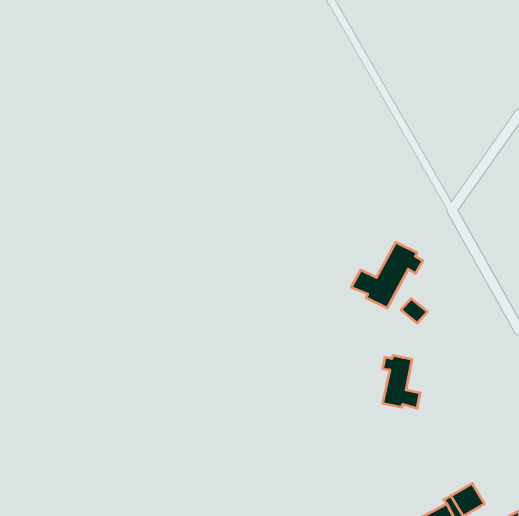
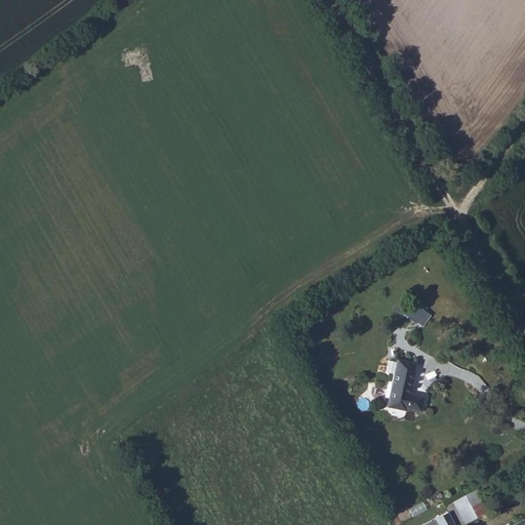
building: [351,242,423,308] -> none

